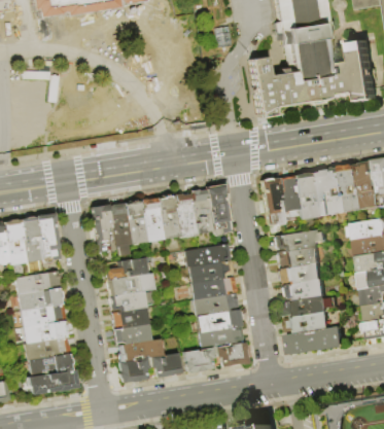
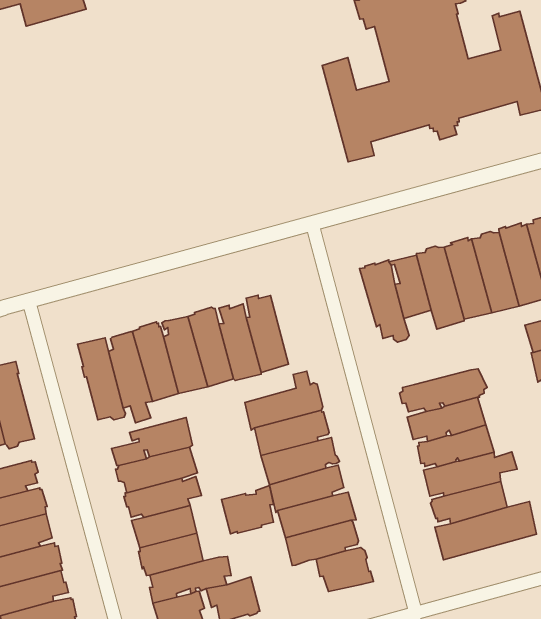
building: [206,186,230,236] -> none
building: [275,229,327,251] -> none
building: [183,347,213,372] -> [222,486,273,534]

